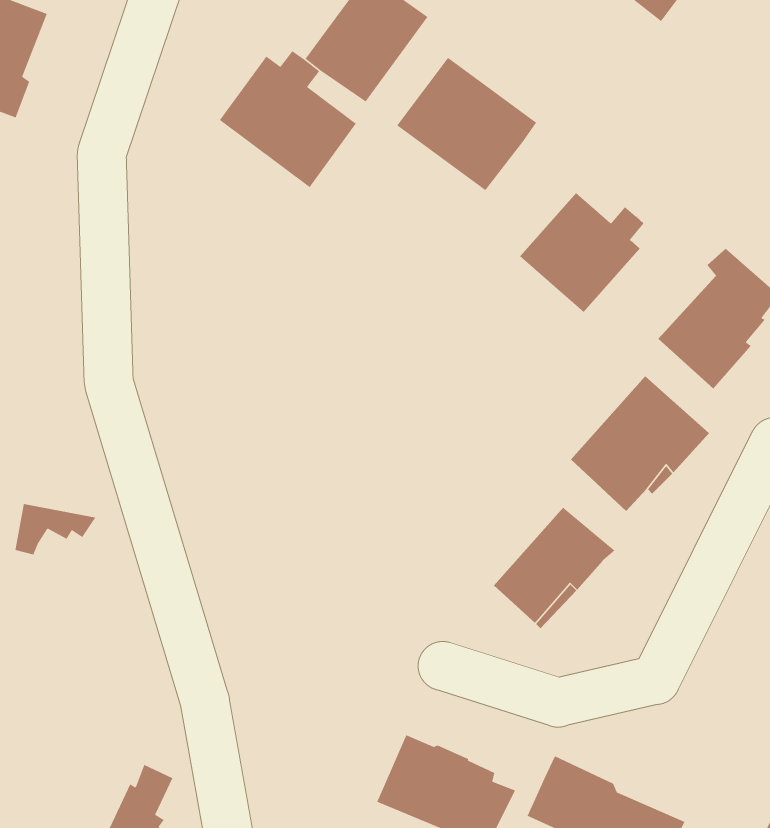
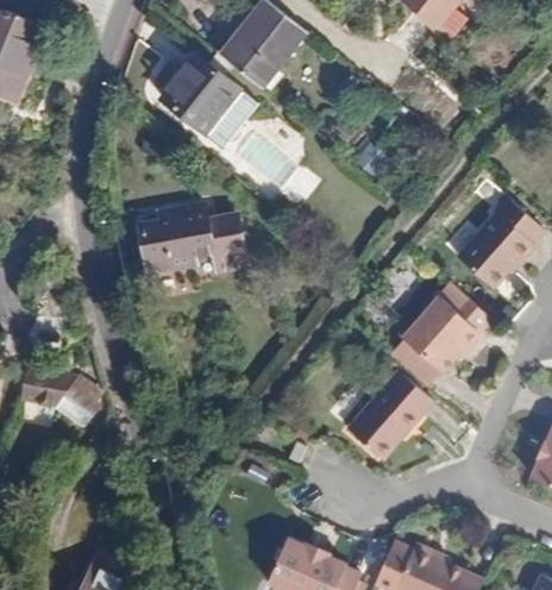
building: [396,57,537,191] -> none
building: [519,192,645,313] -> none
building: none -> [128,207,242,278]
building: none -> [32,375,100,431]

